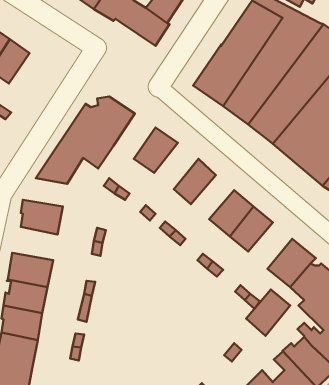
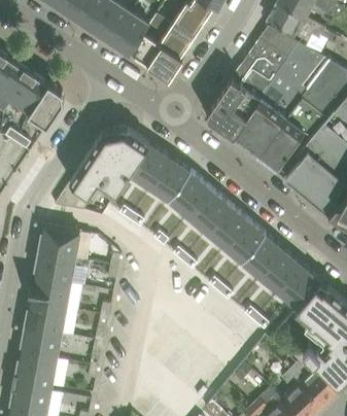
building: none -> [29,83,64,128]
building: none -> [129,144,169,187]
building: none -> [168,172,210,216]
building: none -> [203,203,244,245]
building: none -> [32,252,75,284]
building: [246,289,290,336] -> [257,248,300,292]

